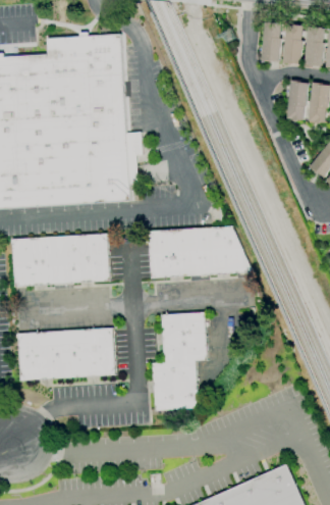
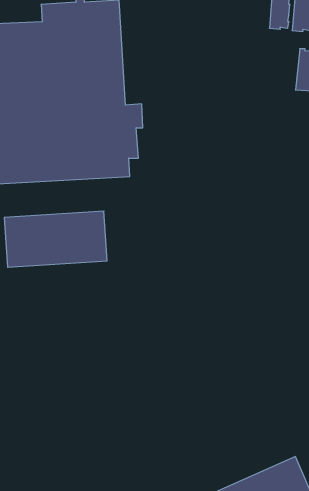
building: [148,226,254,279] -> none
building: [152,313,207,411] -> none
building: [18,329,115,381] -> none

